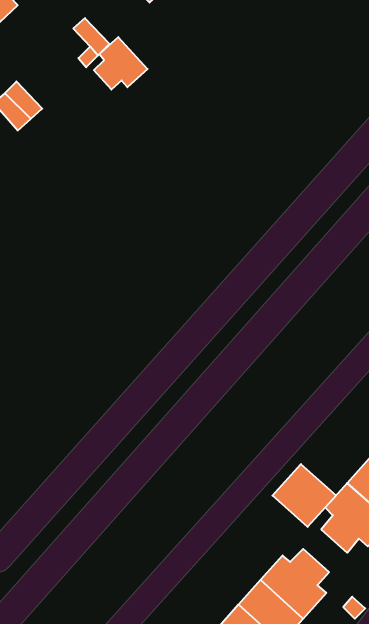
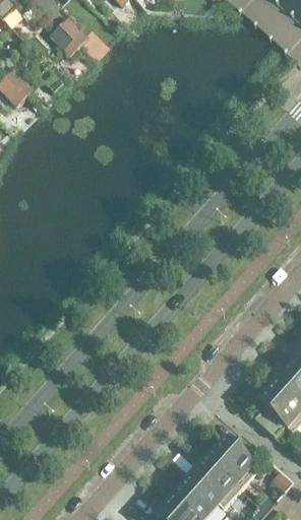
building: [94,37,148,90] -> none
building: [272,464,336,527] -> none

